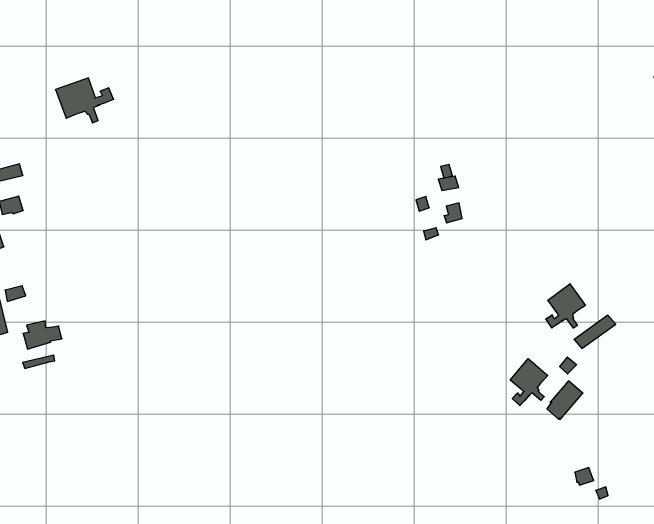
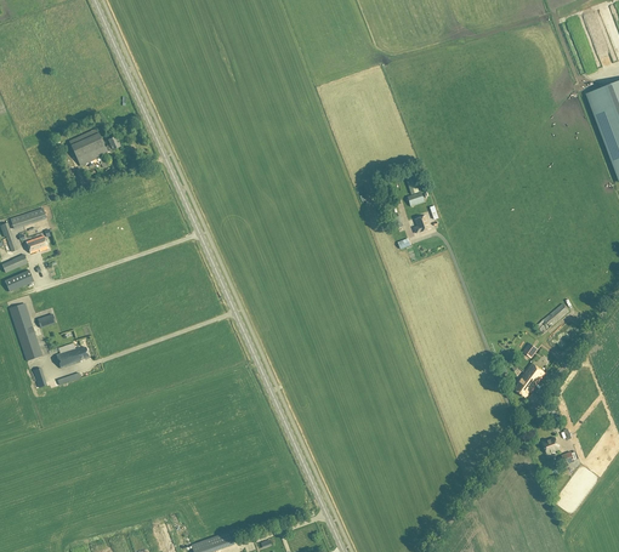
building: [546,284,585,328] -> none
building: [510,359,548,406] -> none

